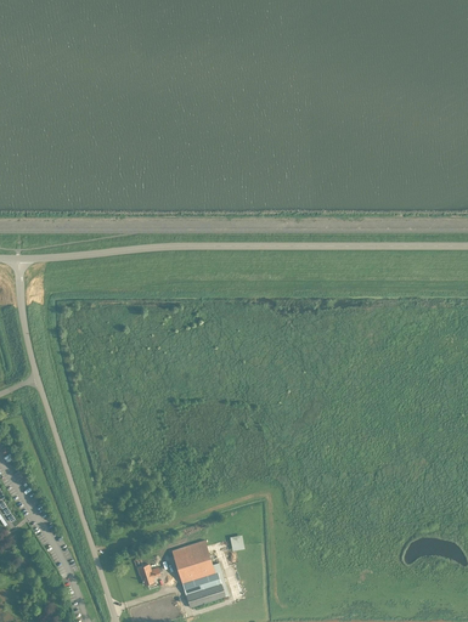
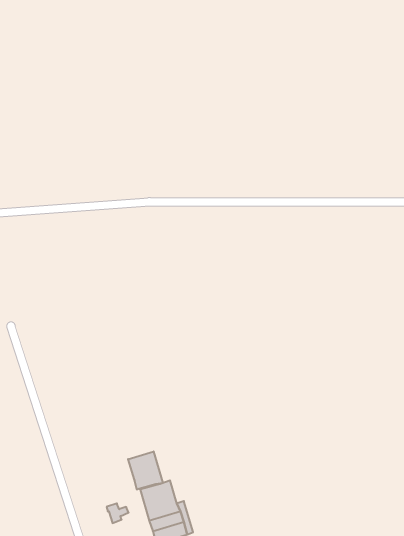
building: none -> [128,451,163,490]

